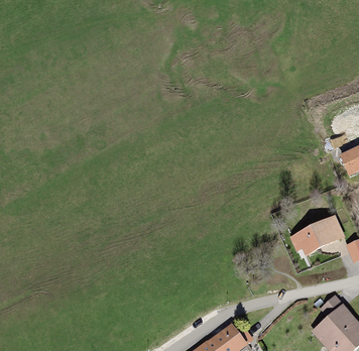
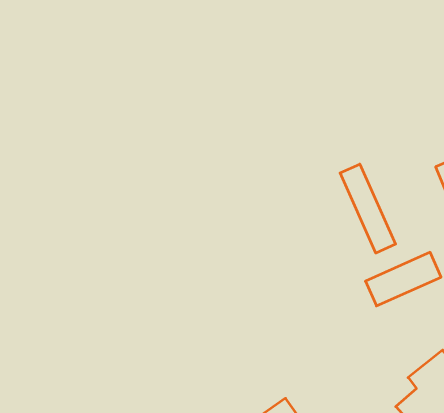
building: none -> [340,164,396,253]

